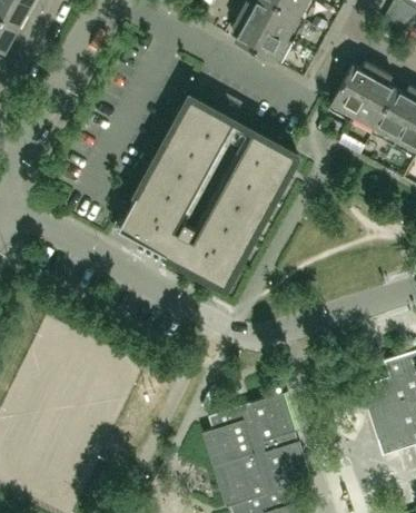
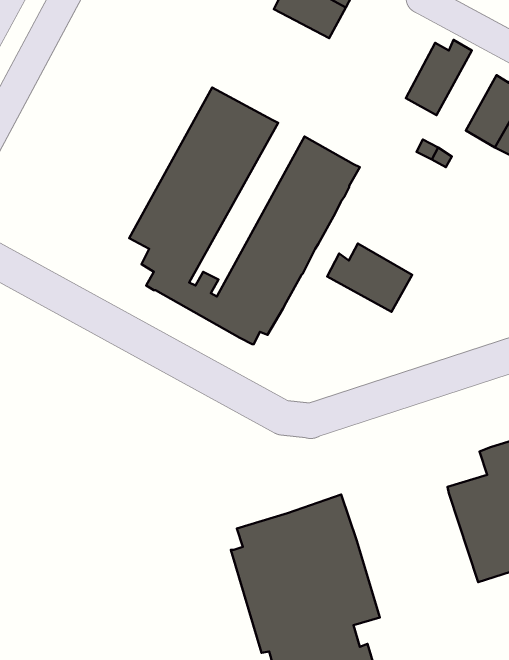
building: [353,70,396,128] -> none
building: none -> [327,243,412,312]

